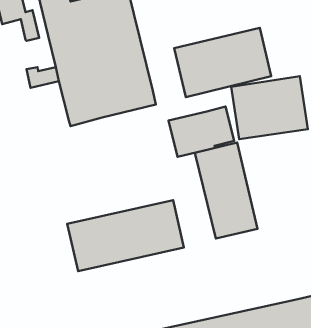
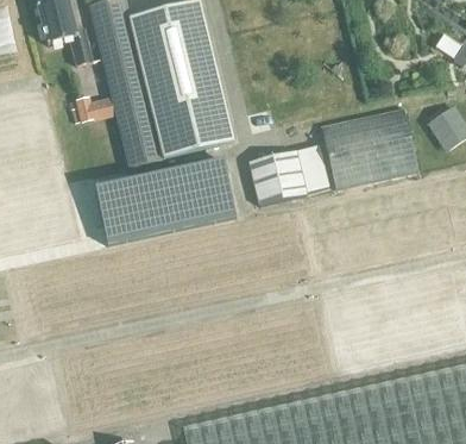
building: [174,28,271,97] -> none
building: [195,143,258,239] -> none
building: [67,200,184,271] -> [107,156,248,242]

